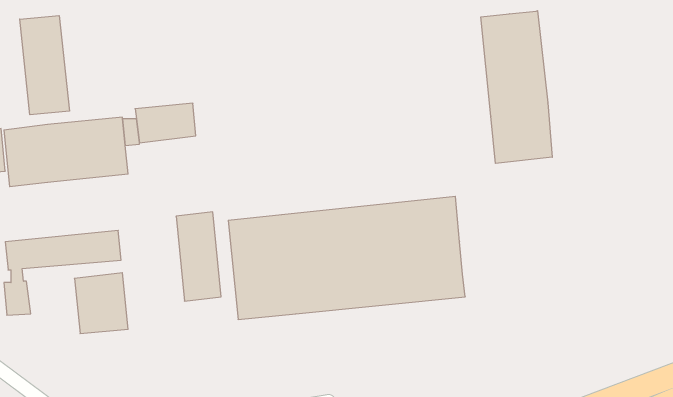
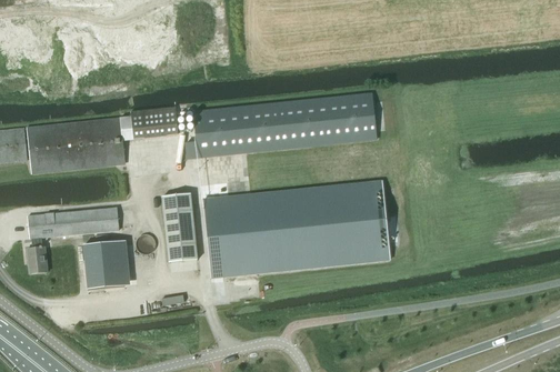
building: [481,11,552,163] -> none
building: [20,16,69,115] -> none
building: none -> [186,92,377,158]

